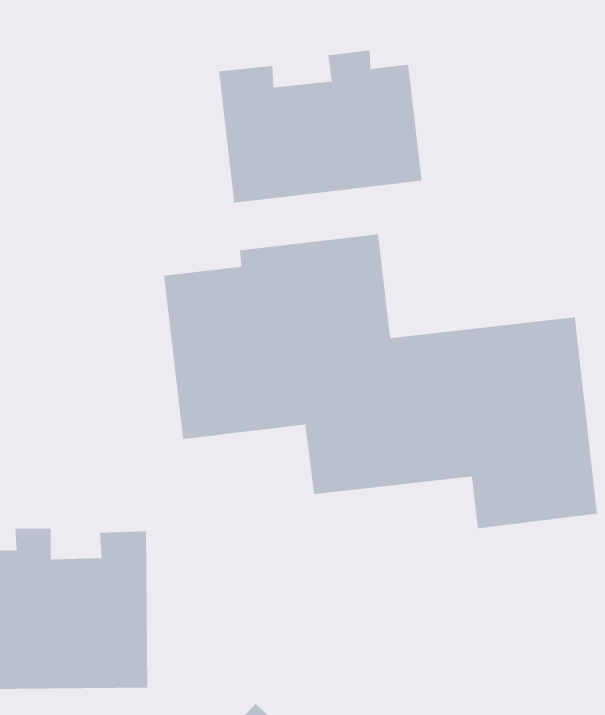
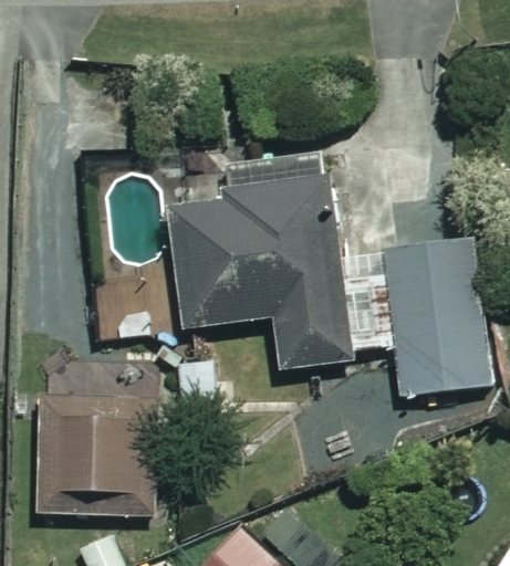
building: [218,49,422,203] -> none

